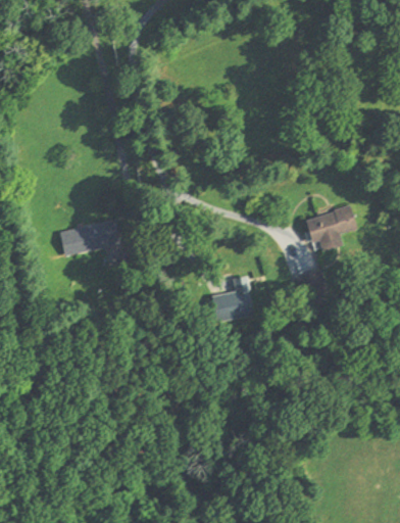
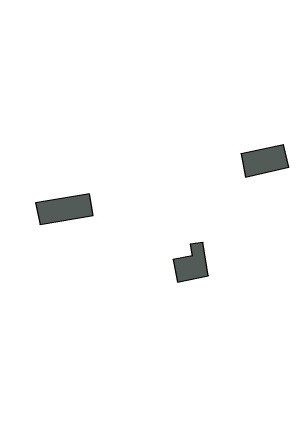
building: [304,207,358,244] -> [241,145,289,177]

